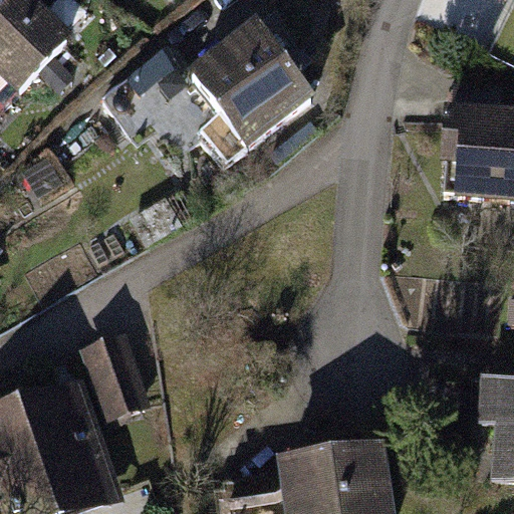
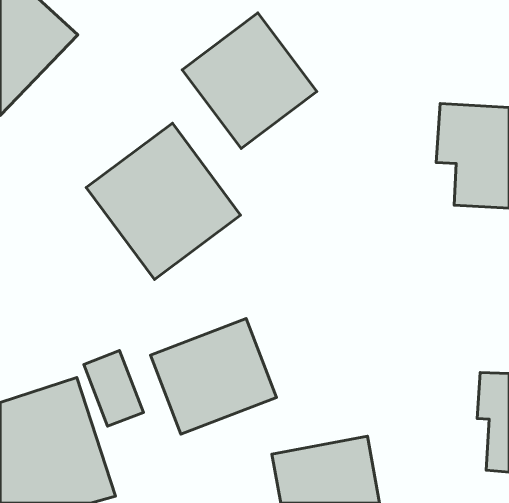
building: none -> [86,123,241,279]
building: none -> [150,318,277,434]

